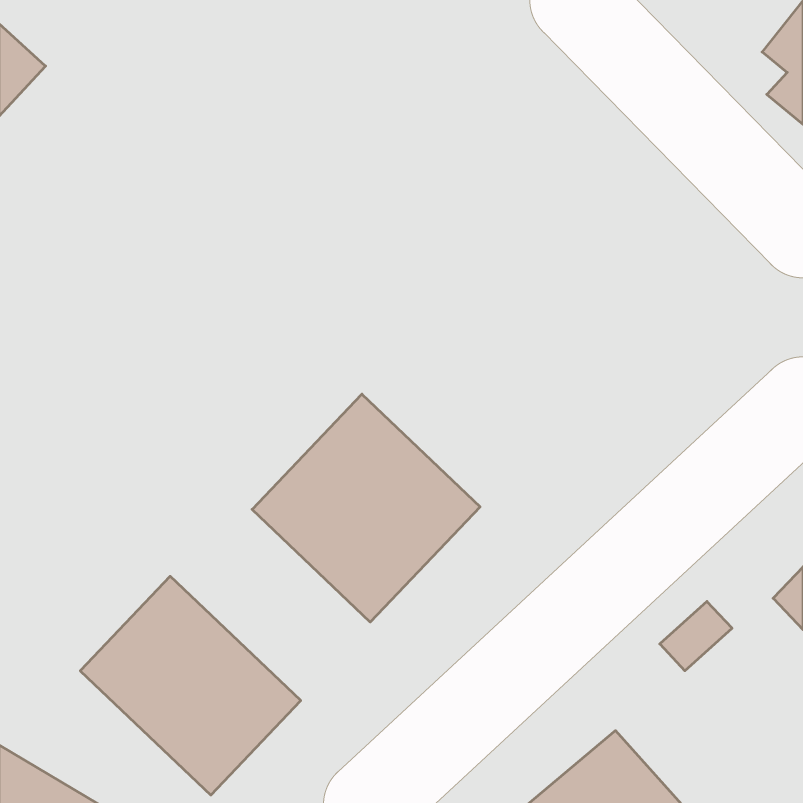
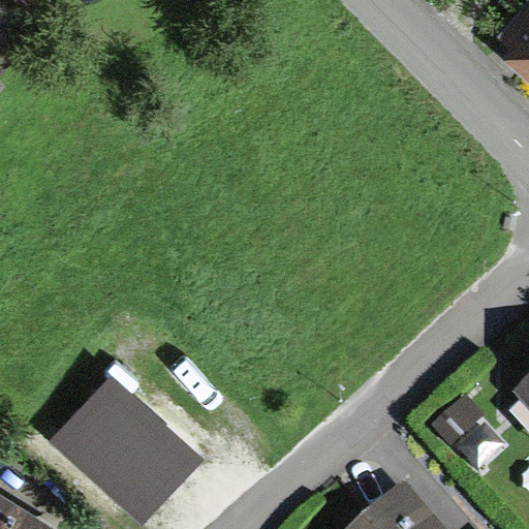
building: [252,394,480,622] -> none

